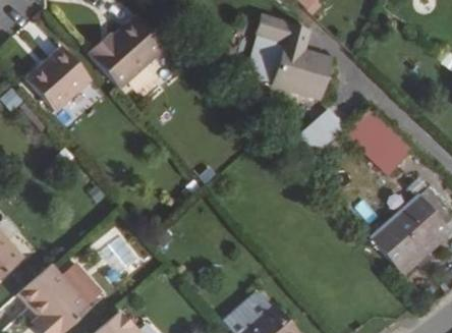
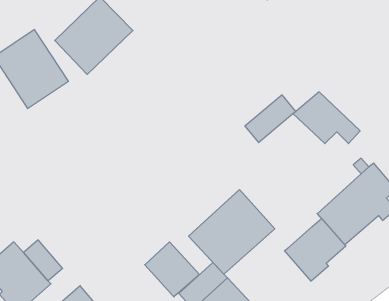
building: [245,18,330,103] -> none
building: none -> [189,190,275,274]
building: none -> [285,219,346,281]
building: none -> [145,242,200,297]

